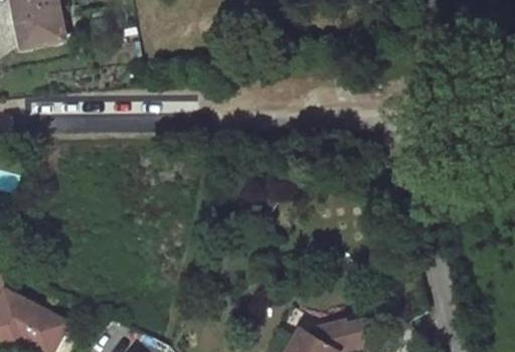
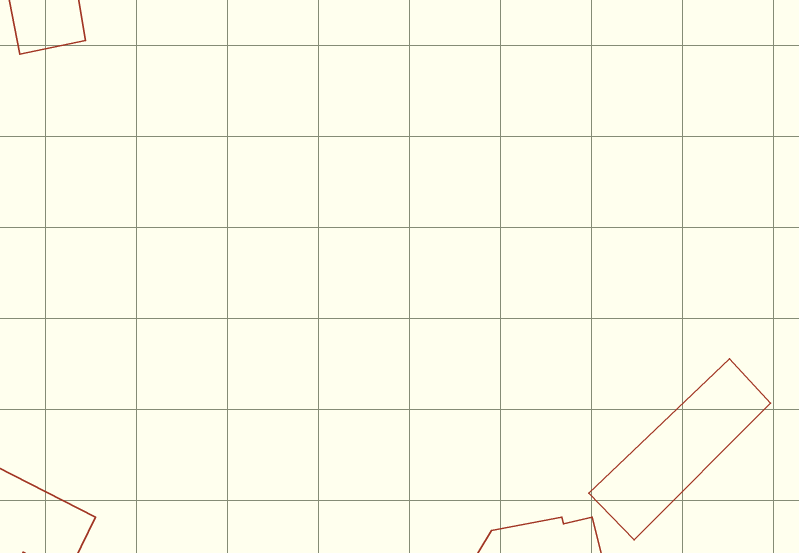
building: none -> [589,359,771,540]

